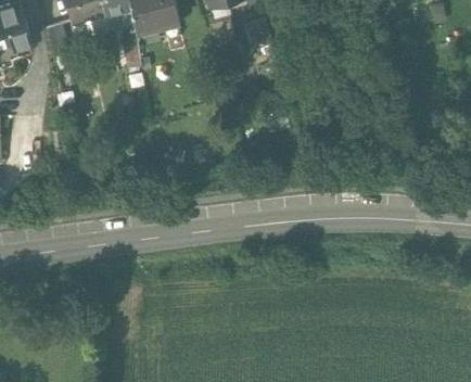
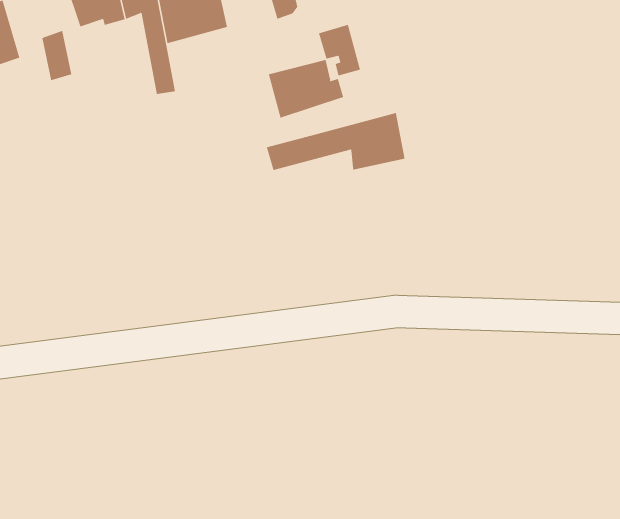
building: none -> [268,59,344,118]
building: none -> [266,112,405,171]

